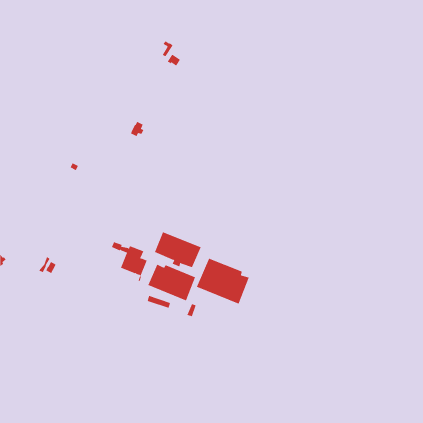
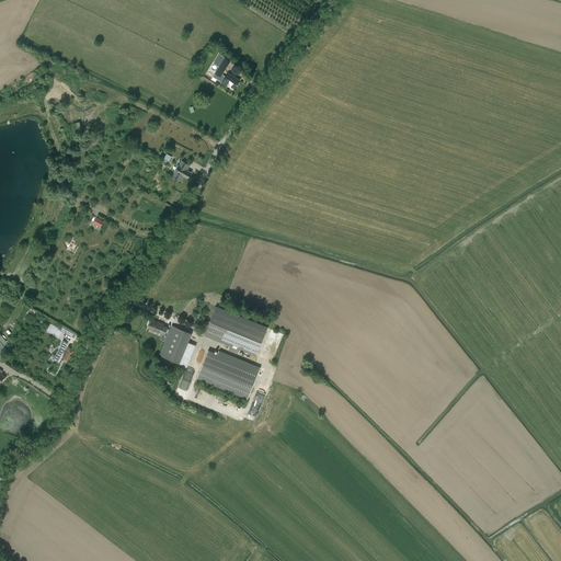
building: [196,258,249,304] -> none

